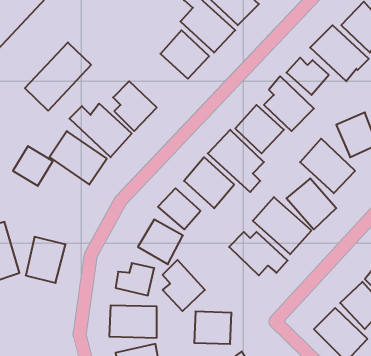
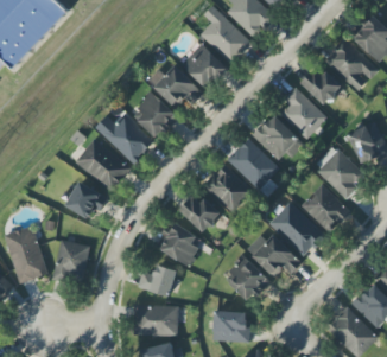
building: [25,42,91,111] -> none
building: none -> [153,65,203,108]
building: [13,146,53,186] -> [65,181,103,219]
building: [163,260,205,311] -> [229,254,269,302]

